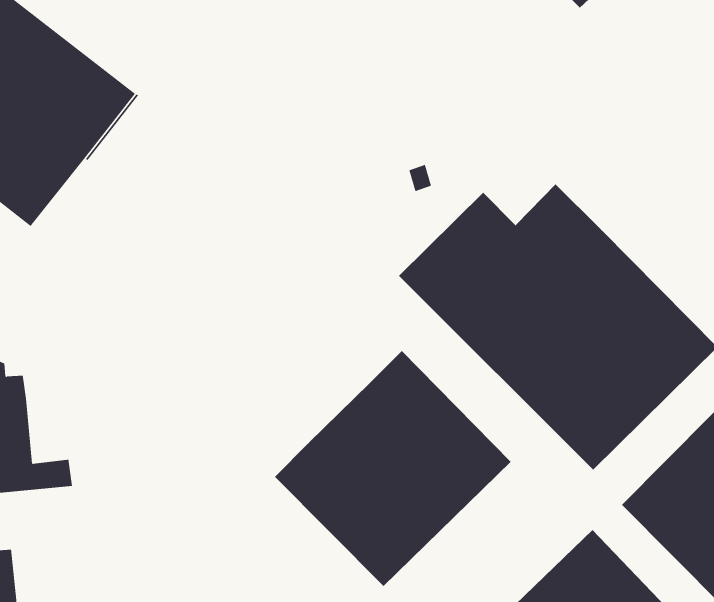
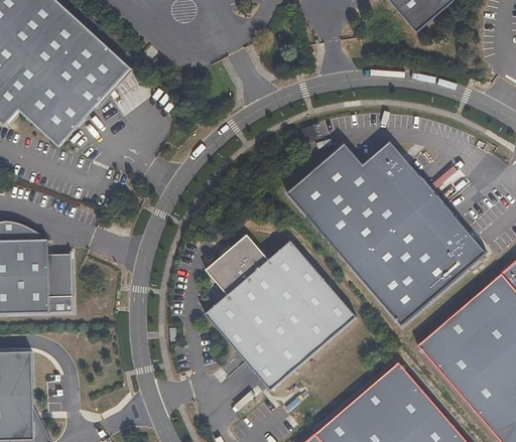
building: none -> [203,233,266,294]
building: none -> [48,253,73,295]

